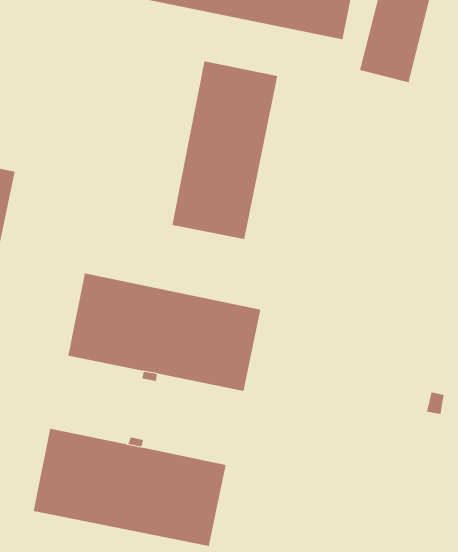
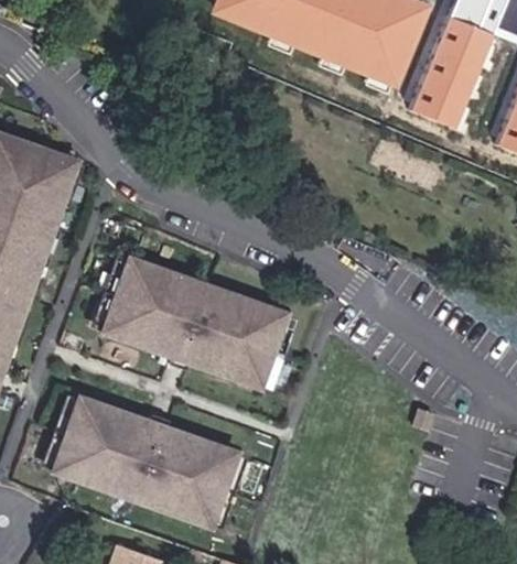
building: [172,61,278,240] -> none

